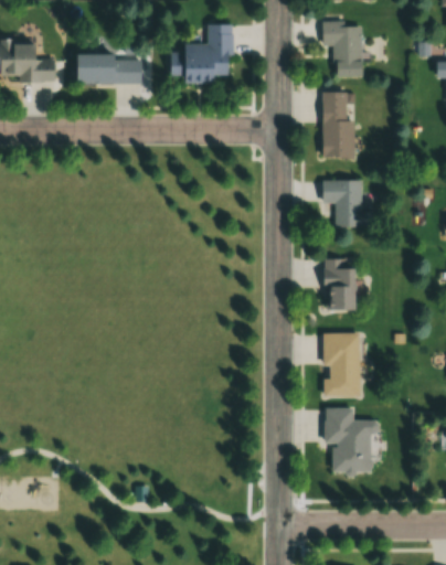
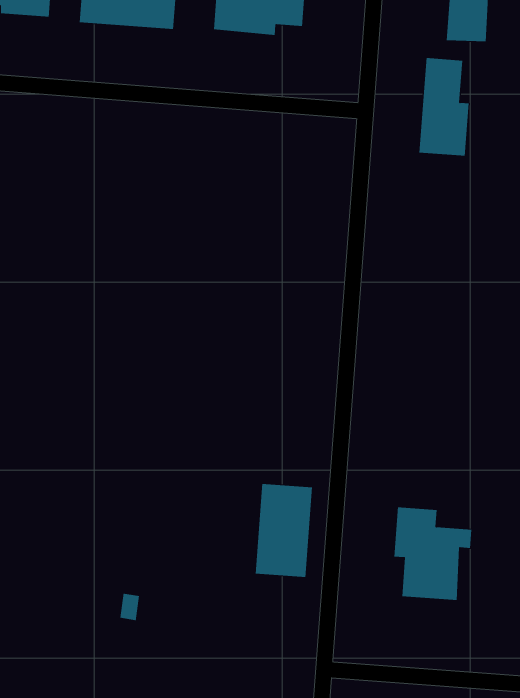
building: [322,180,372,227] -> none
building: [325,258,352,310] -> none
building: [323,332,360,396] -> [255,483,313,578]

